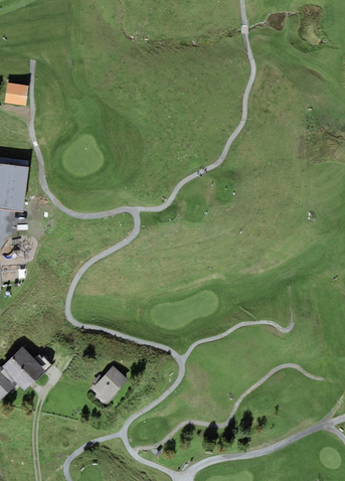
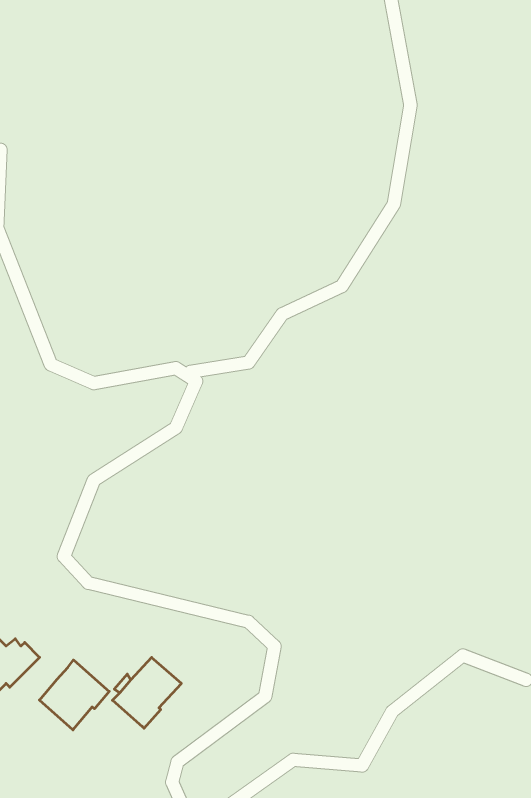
building: none -> [39,660,109,730]

